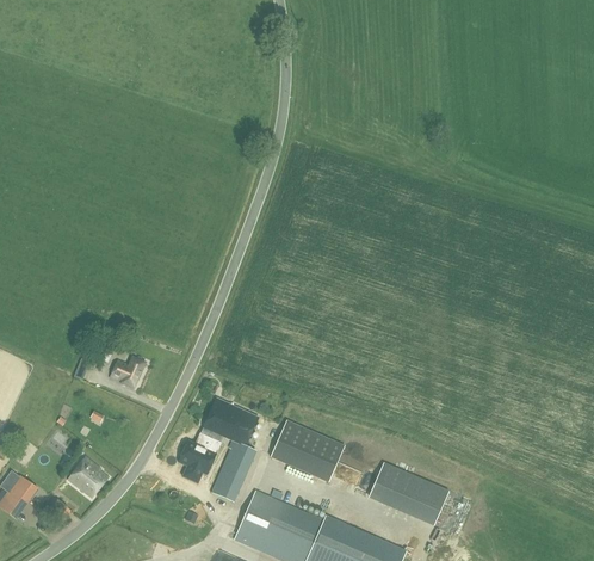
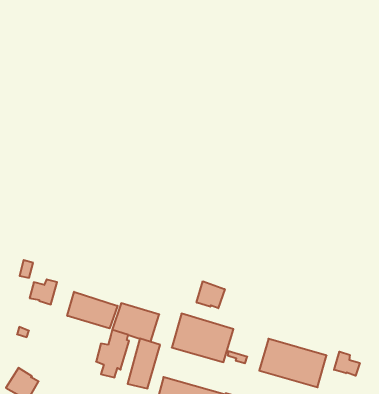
building: none -> [67,292,118,328]
building: none -> [197,281,225,308]
building: none -> [334,352,360,376]

